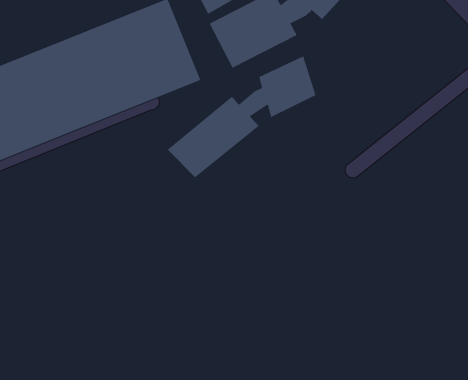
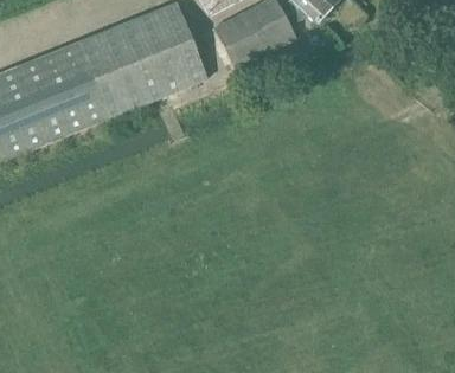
building: [167,55,316,178] -> none

